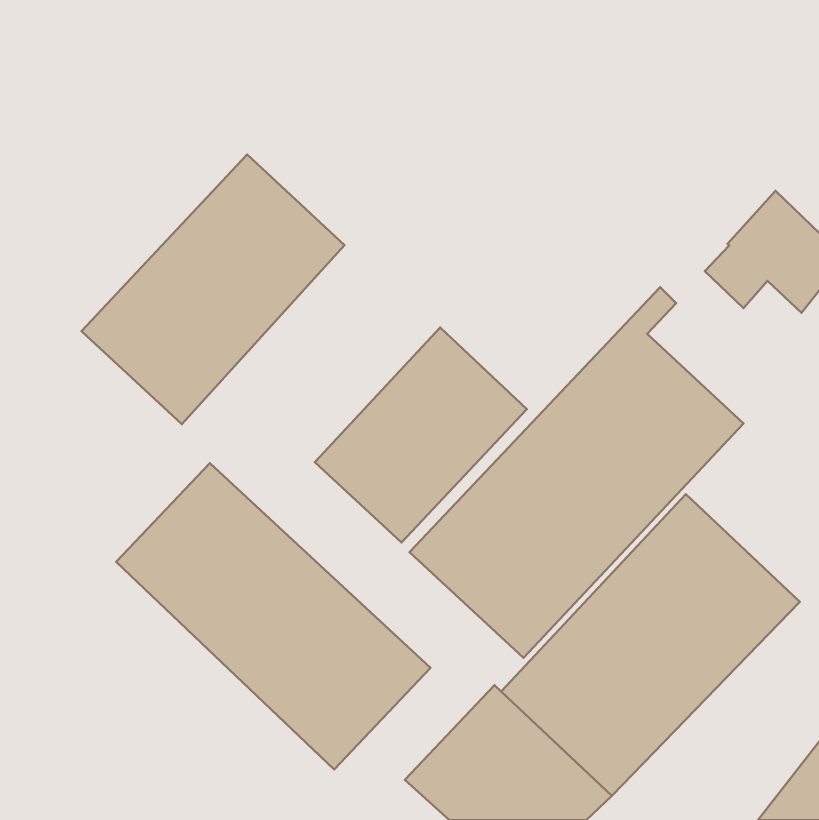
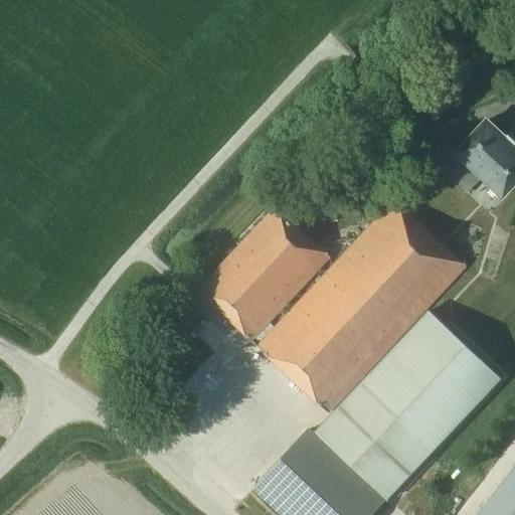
building: [81,154,344,424] -> none
building: [116,463,431,770] -> none

